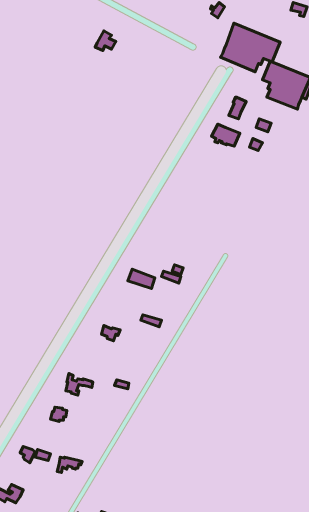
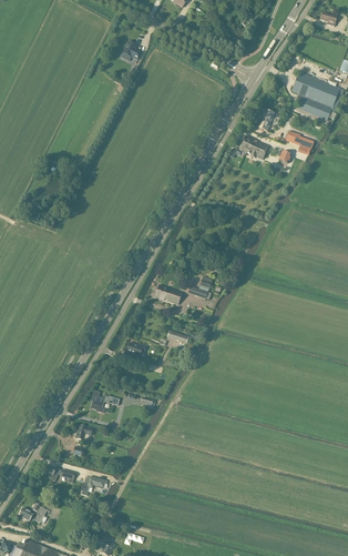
building: [220,23,280,72] -> none

